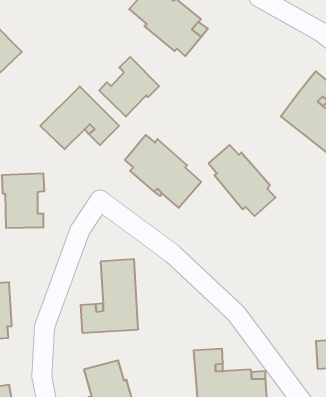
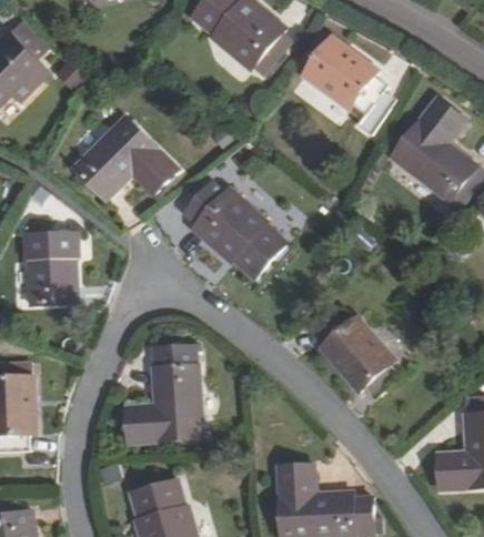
building: none -> [296,32,387,112]
building: [99,57,159,117] -> none
building: [209,145,276,216] -> [311,305,400,399]

